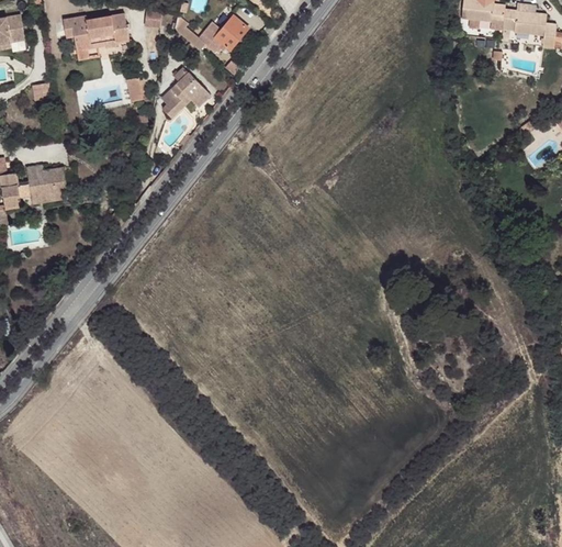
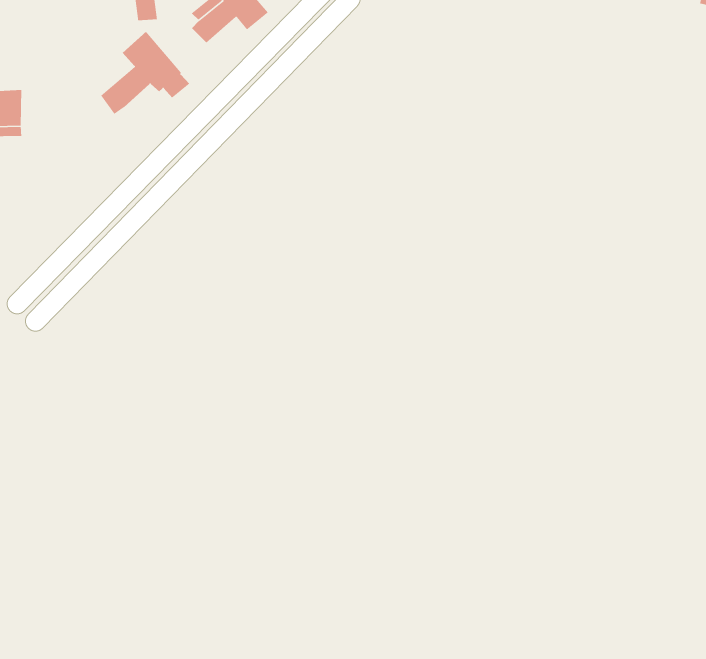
building: none -> [100,31,190,115]

